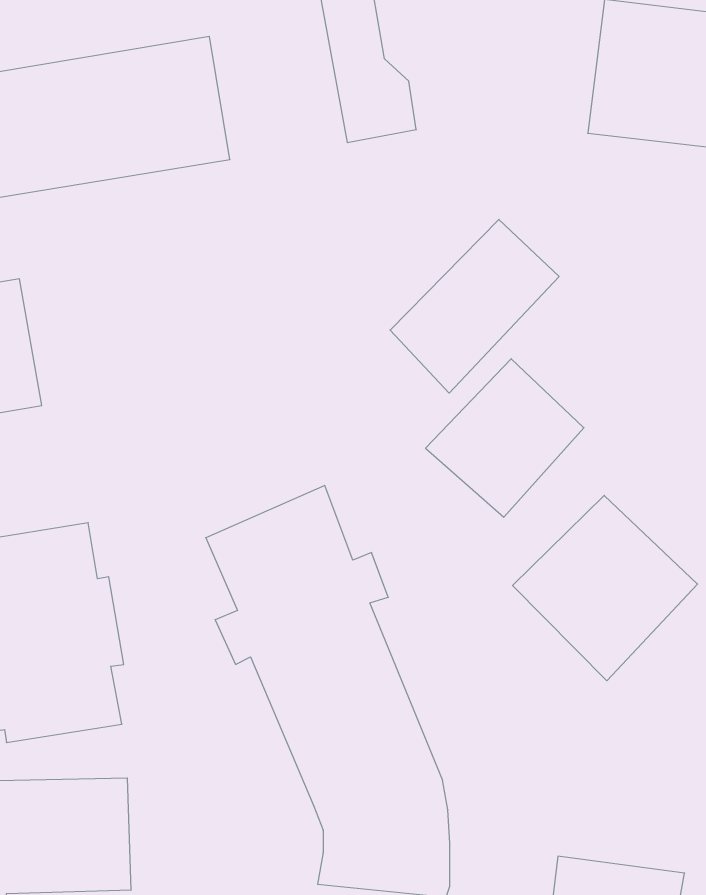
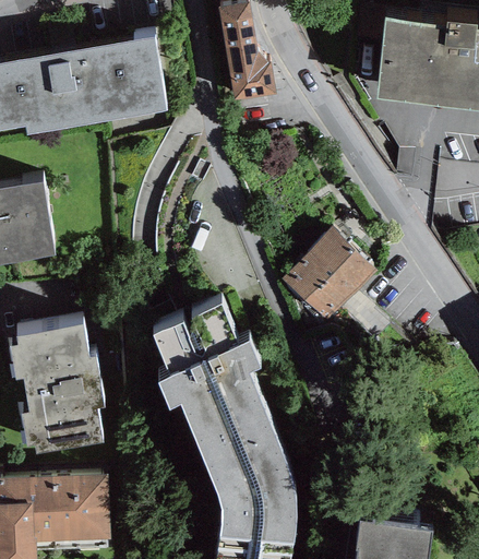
building: [390,219,559,393] -> none
building: [513,495,698,681] -> none

